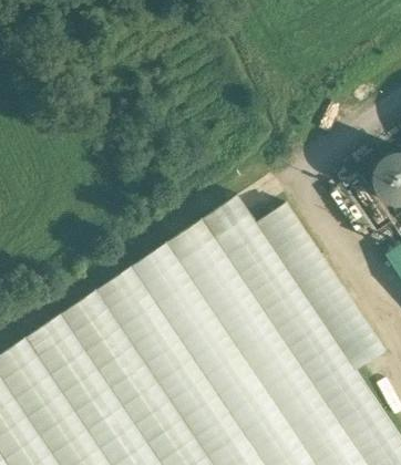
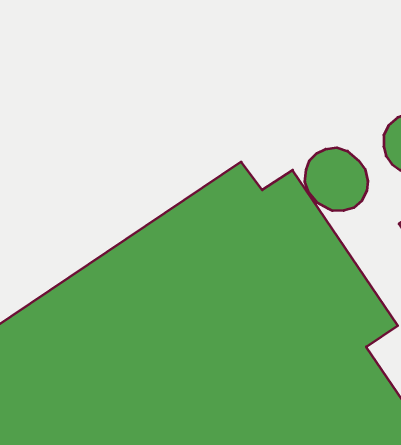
building: none -> [305,148,368,211]

